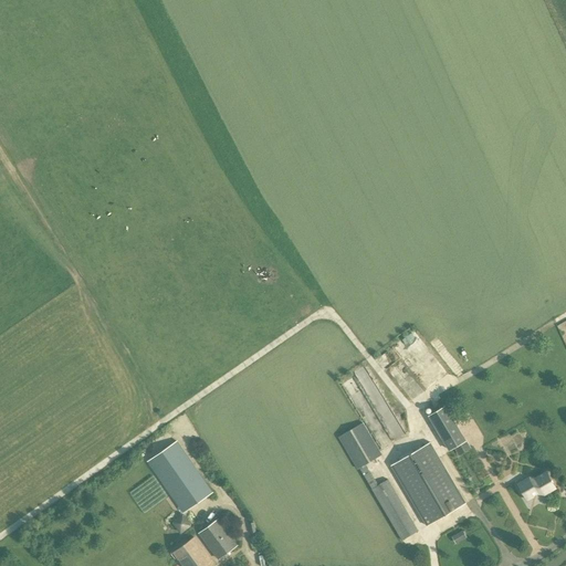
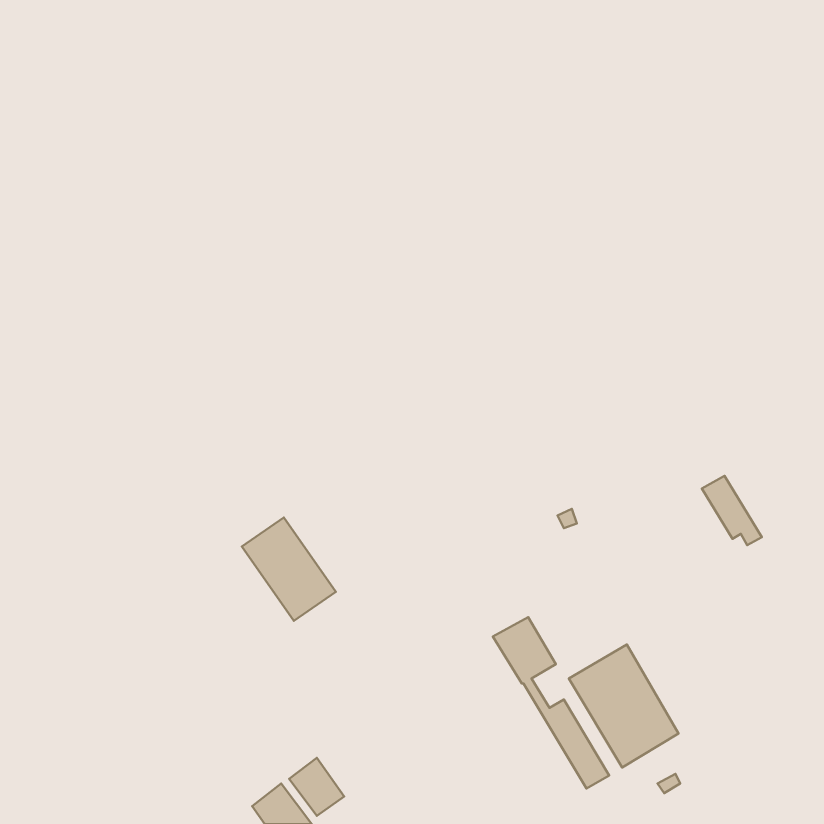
building: [428,406,469,453] -> [702,476,762,545]
building: [147,441,211,512] -> [242,517,336,621]
building: [516,471,555,500] -> none

